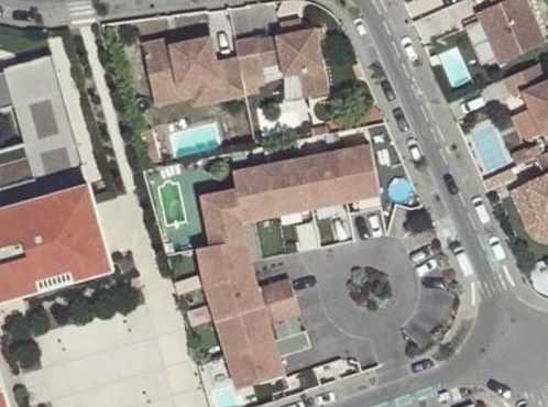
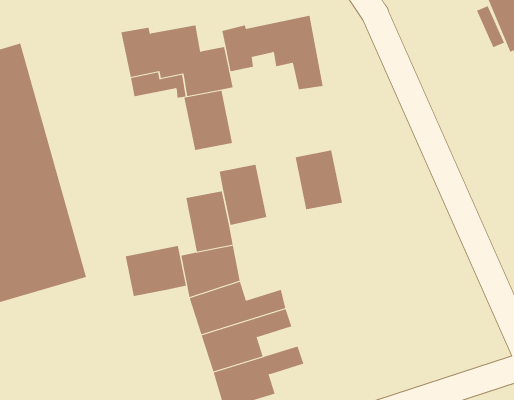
building: [335,144,379,200] -> none
building: [265,158,310,213] -> [184,90,233,150]
building: none -> [125,245,187,297]

